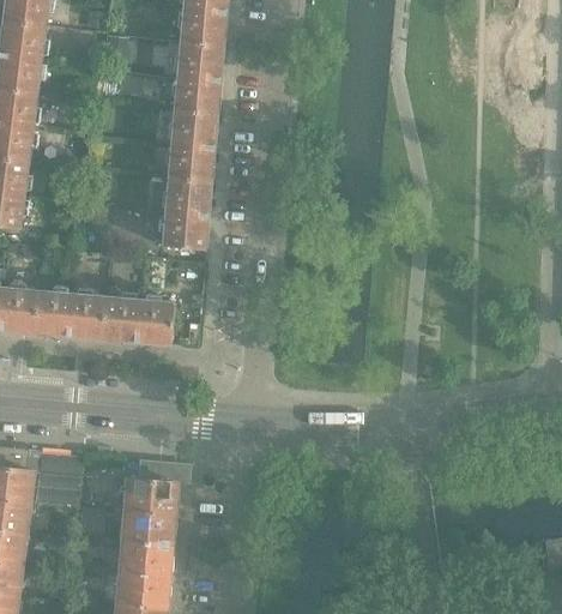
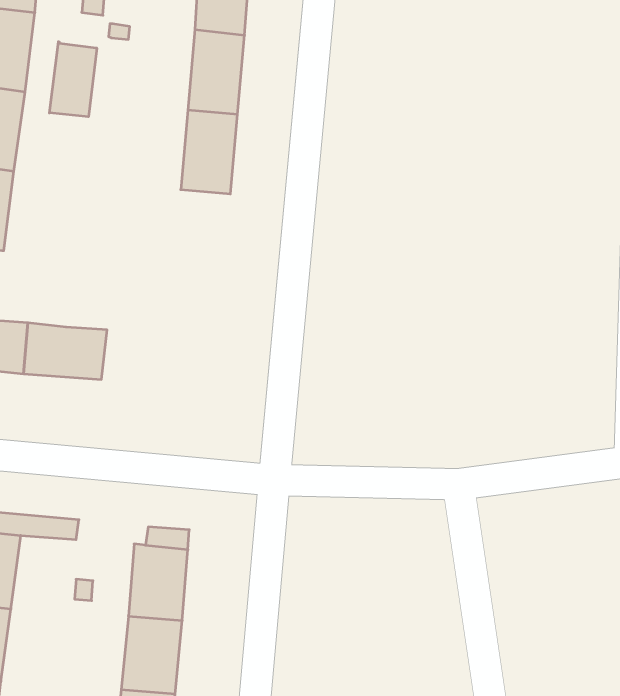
building: none -> [49,42,97,117]
building: [152,179,210,269] -> none
building: [101,297,174,345] -> none

